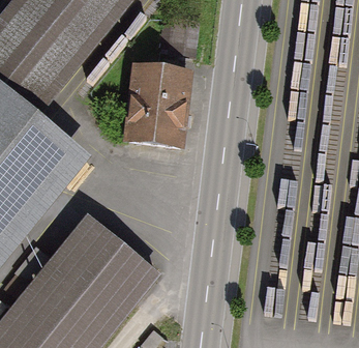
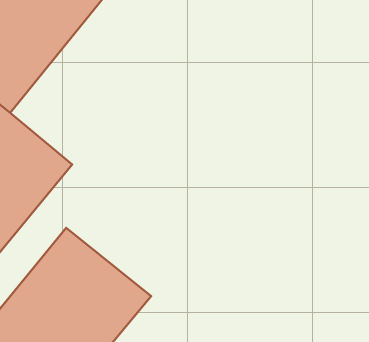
building: [124,59,196,146] -> none

